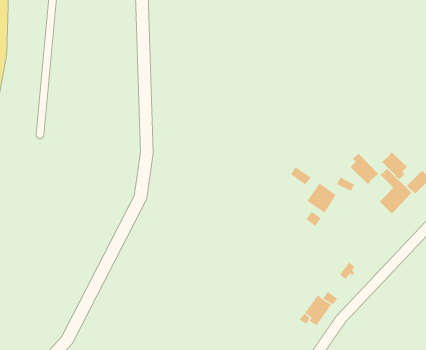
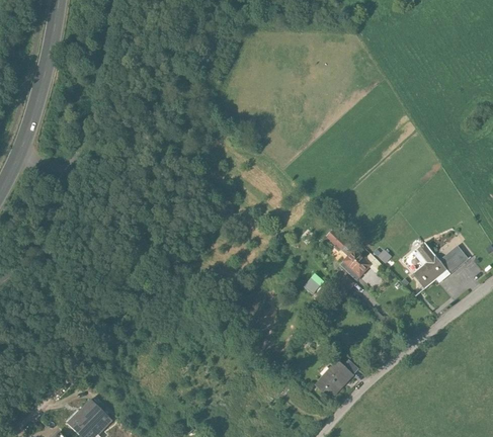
building: [381,151,408,180] -> none
building: [350,153,379,185] -> none

